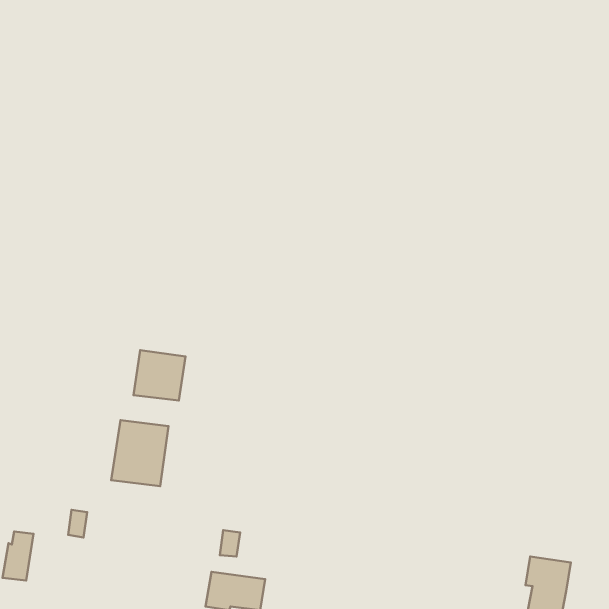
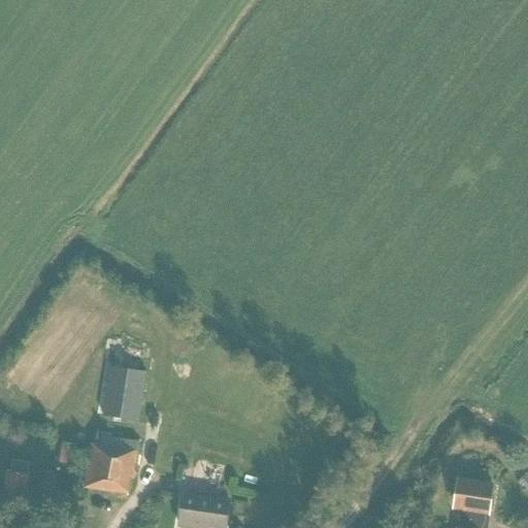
building: [133,350,186,400] -> none
building: none -> [84,436,137,494]

